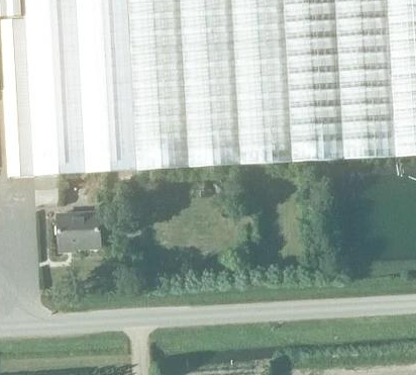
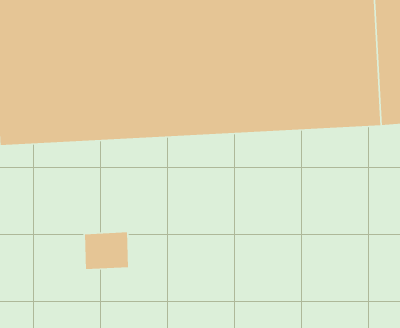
building: [58,211,100,248] -> [84,232,129,270]

